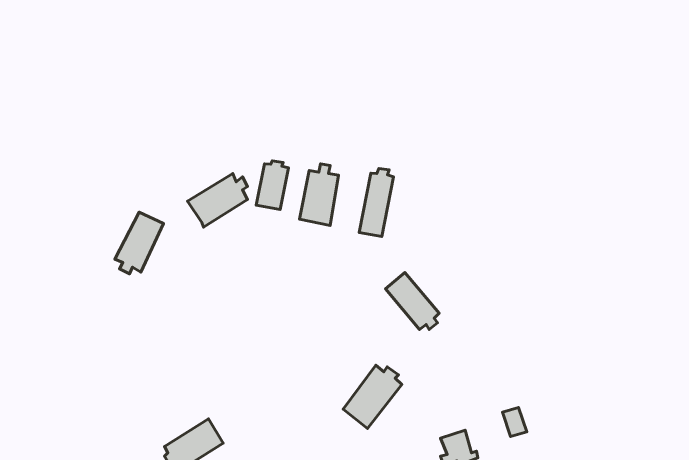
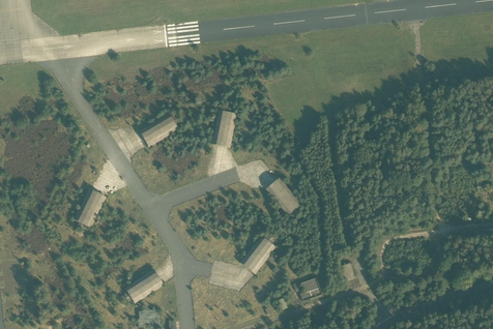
building: [256,161,288,209] -> none
building: [359,168,394,236] -> none
building: [115,212,163,274] -> [74,188,105,228]

